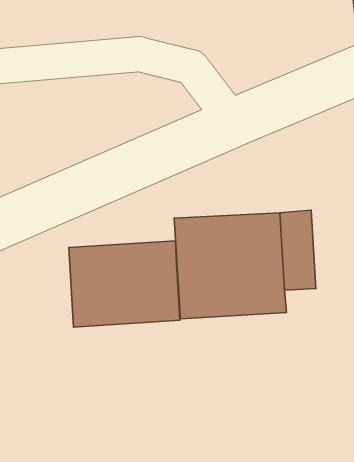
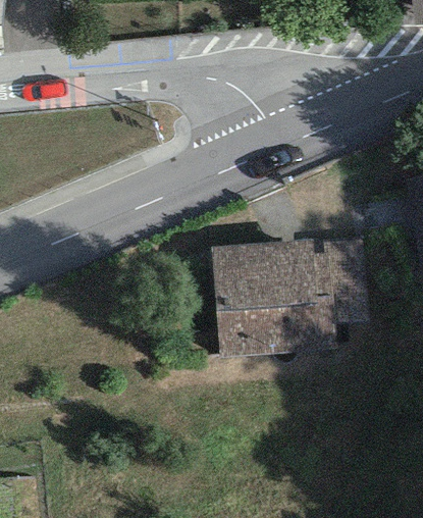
building: [69,241,180,327] -> none

